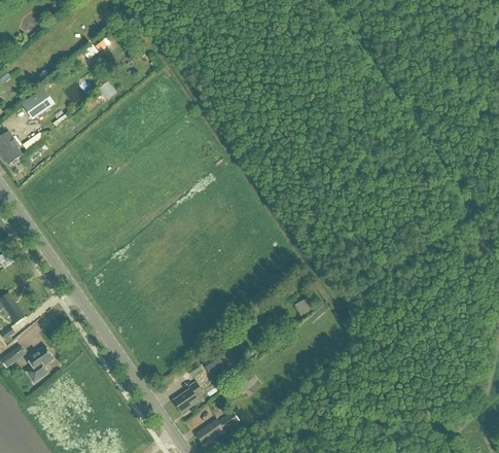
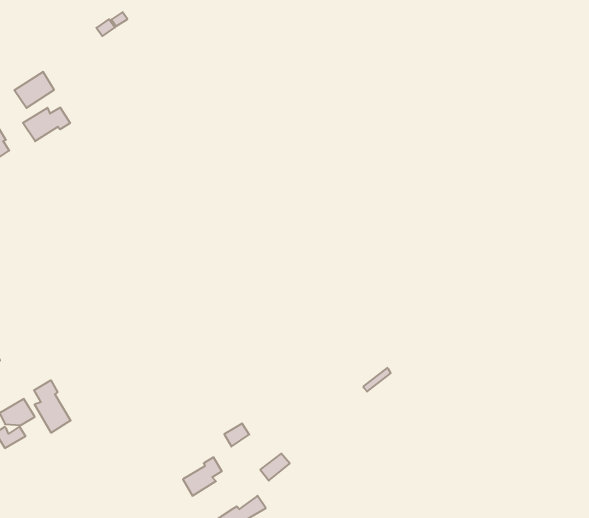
building: none -> [23,107,70,141]
building: none -> [34,380,71,433]

